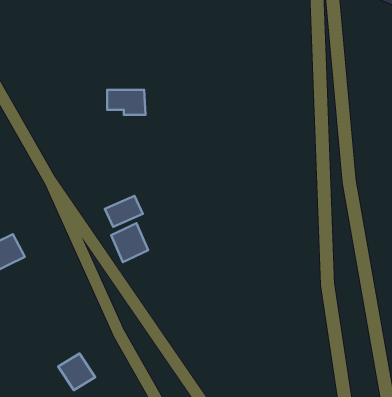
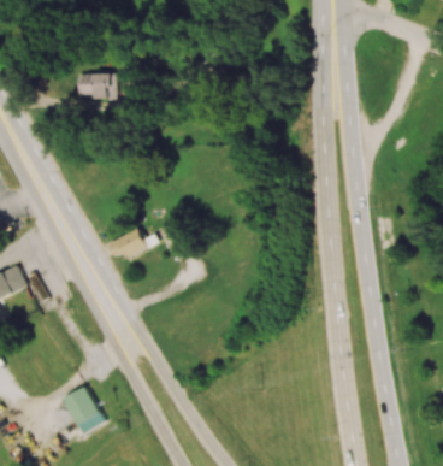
building: [107,90,145,115] -> [77,72,116,98]
building: [111,223,148,262] -> none

